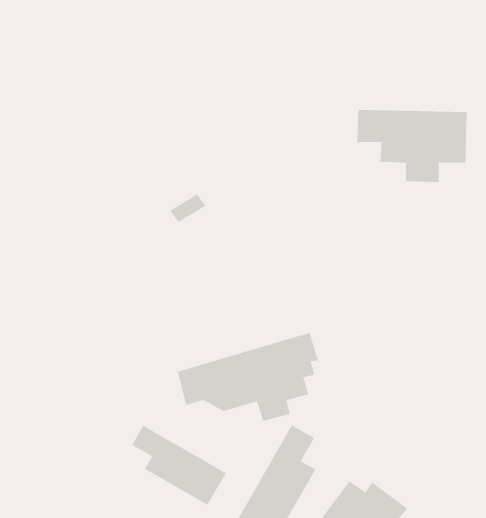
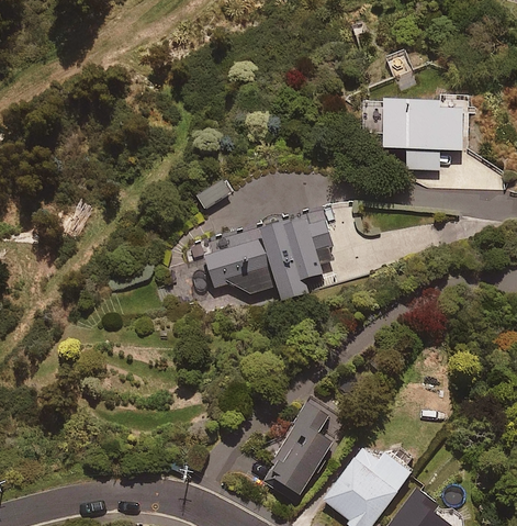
building: [177,332,319,421] -> [209,222,336,302]
building: [131,425,226,506] -> none

